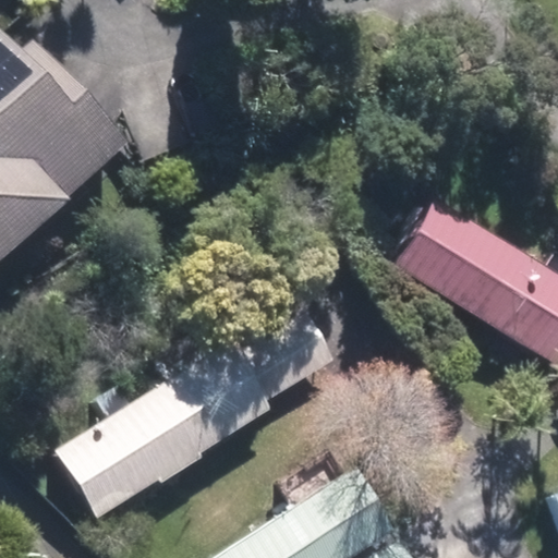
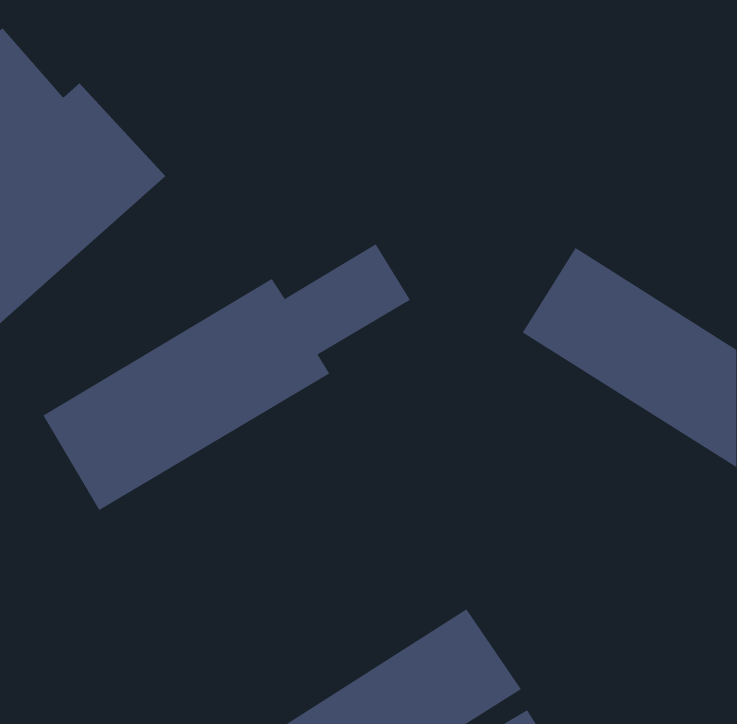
building: [54,318,332,520] -> [42,243,411,511]

